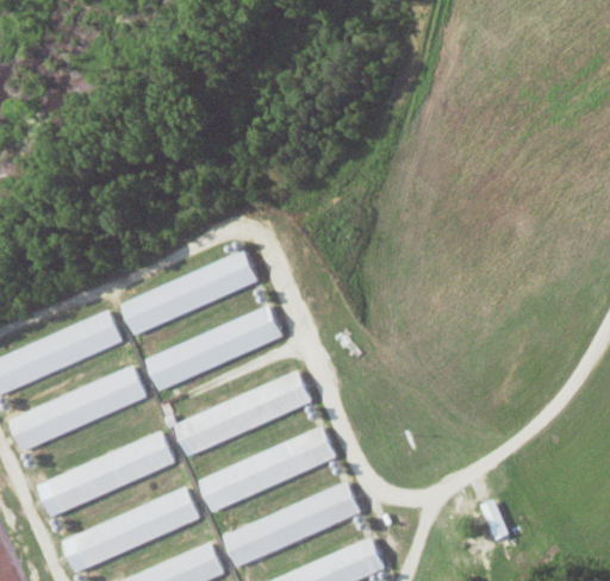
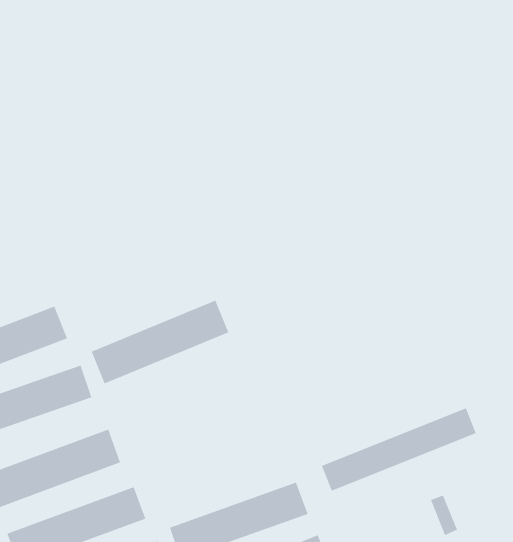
building: [120,251,257,333] -> none
building: [174,374,311,452] -> none
building: none -> [321,407,476,492]
building: [199,427,336,511] -> none

